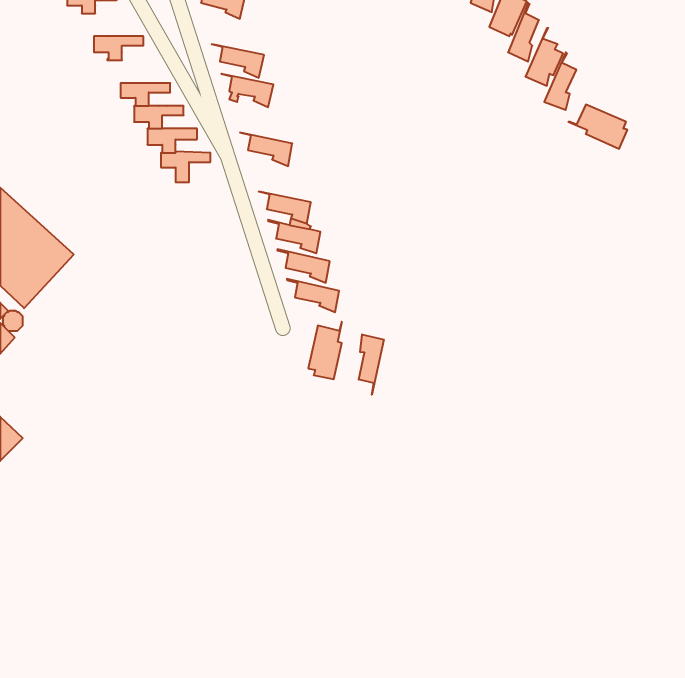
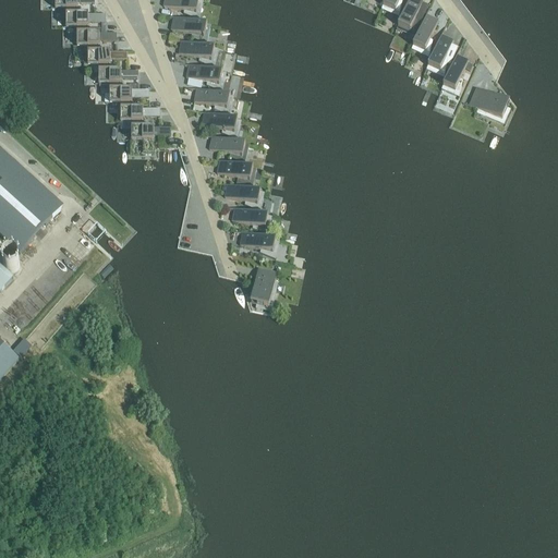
building: none -> [65,11,106,29]
building: none -> [165,12,207,39]
building: none -> [87,48,128,68]
building: none -> [187,84,230,111]
building: none -> [203,132,245,158]
building: [359,334,384,395] -> none

